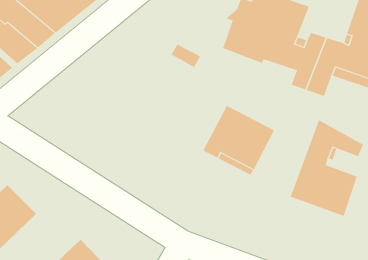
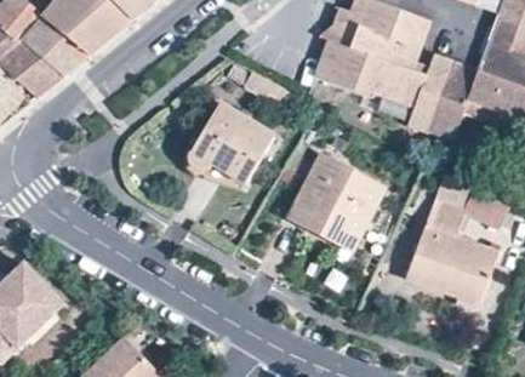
building: none -> [190,103,274,184]

